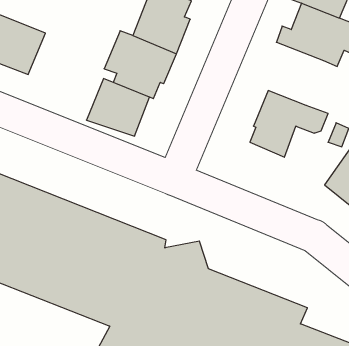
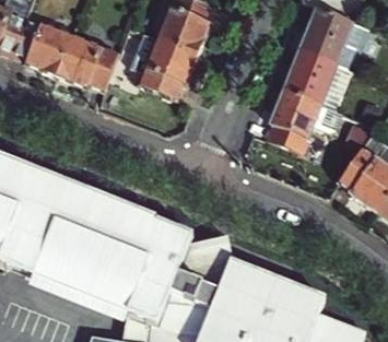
building: none -> [285,44,338,104]
building: [86,79,150,136] -> [57,35,117,90]

